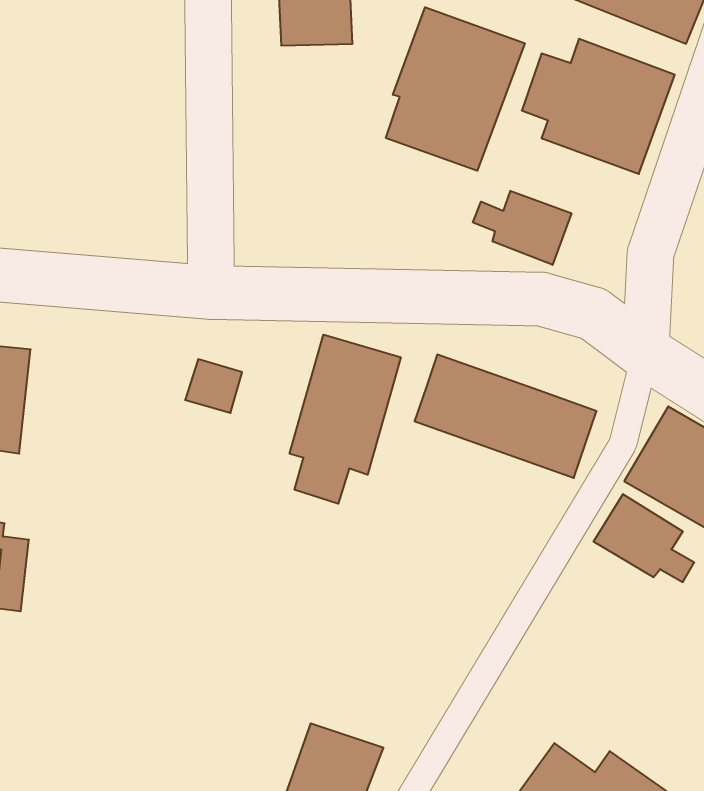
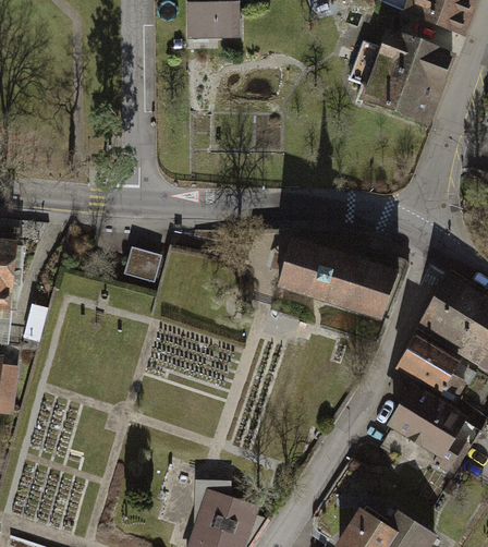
building: [386,7,525,171] -> none
building: [473,191,571,265] -> none
building: [290,335,401,504] -> none
building: none -> [389,387,466,471]

